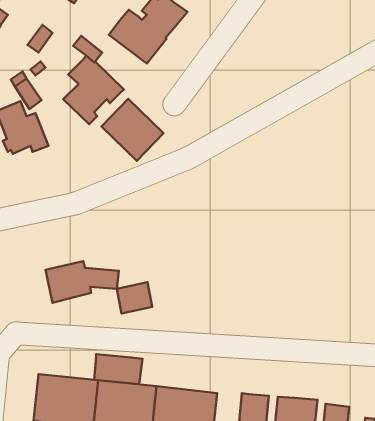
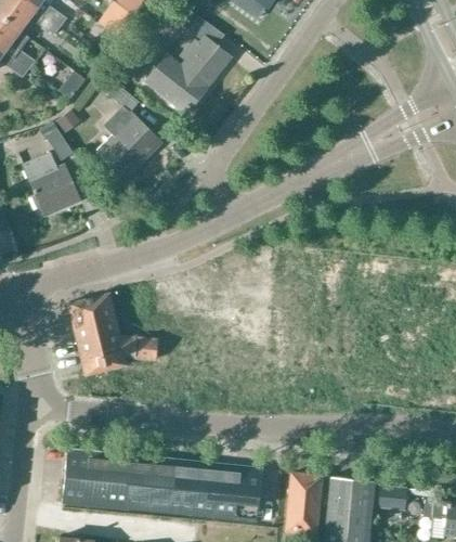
building: [101,99,163,161] -> none
building: none -> [68,292,118,338]
building: [117,282,152,313] -> none
building: [94,354,142,384] -> none

